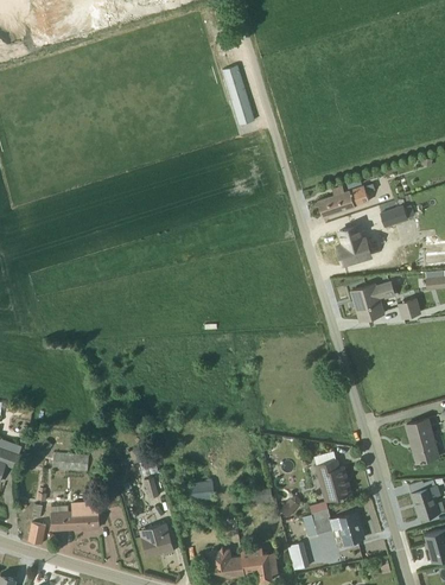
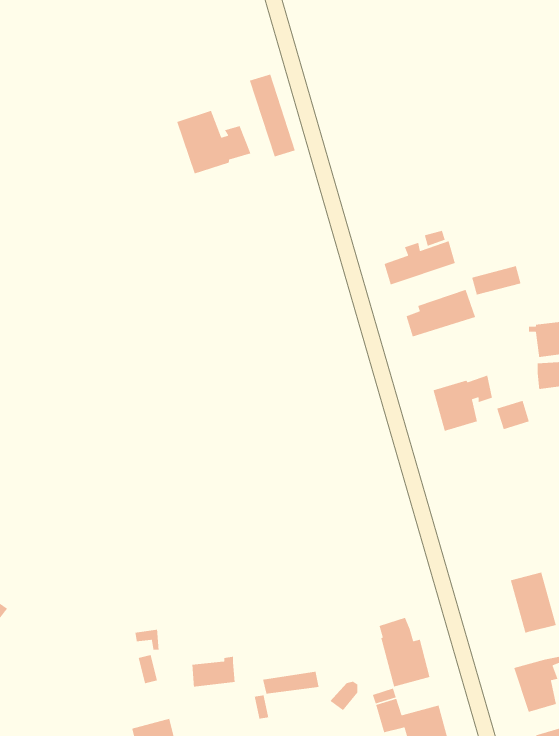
building: none -> [176,110,252,175]
building: [53,453,89,472] -> none
building: [53,501,98,529] -> none

